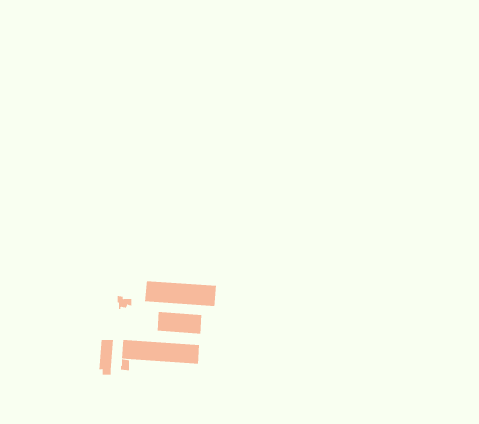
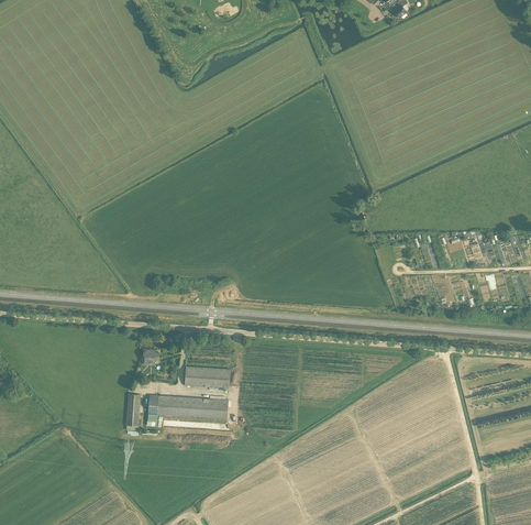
building: [145,280,217,307] -> none

